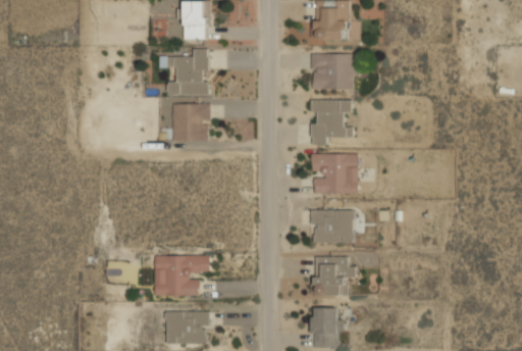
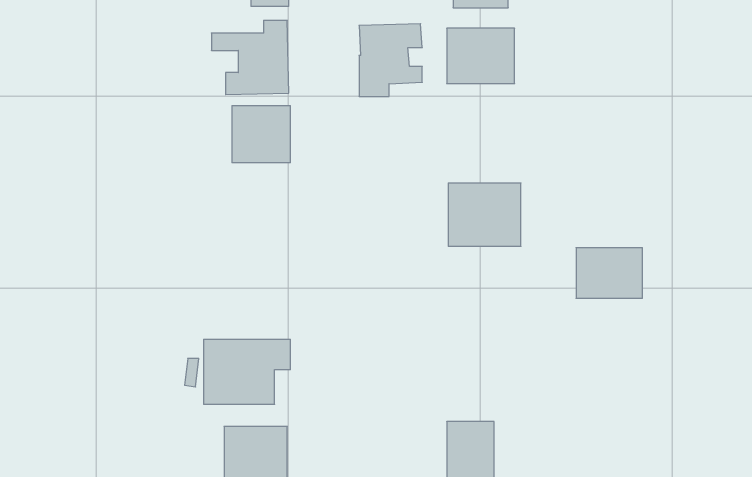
building: [310,99,351,146] -> [359,24,422,96]
building: [310,210,353,243] -> [576,248,642,298]
building: [313,256,355,297] -> none

